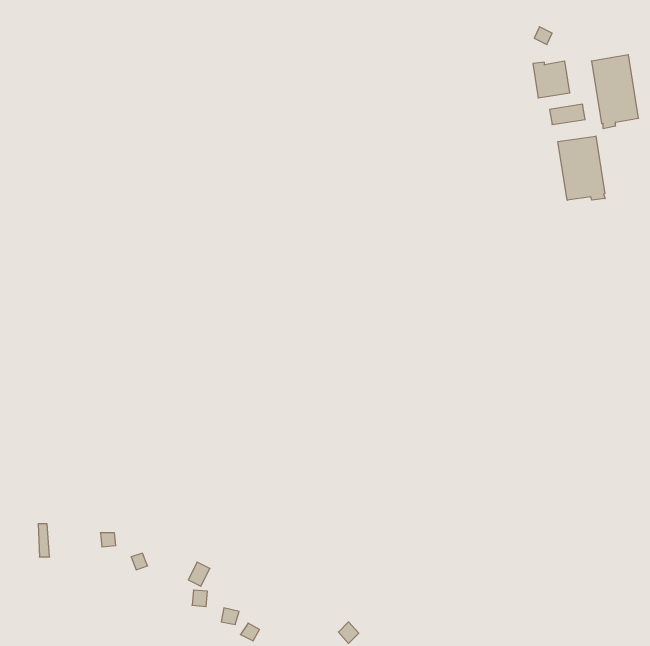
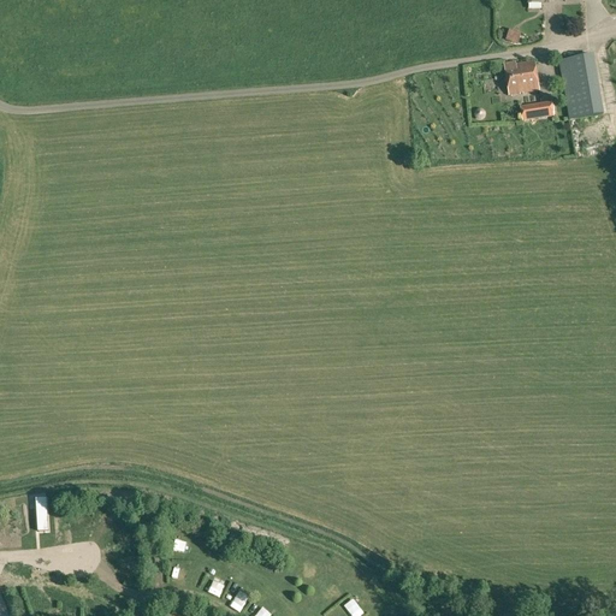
building: [558,136,605,200] -> none

